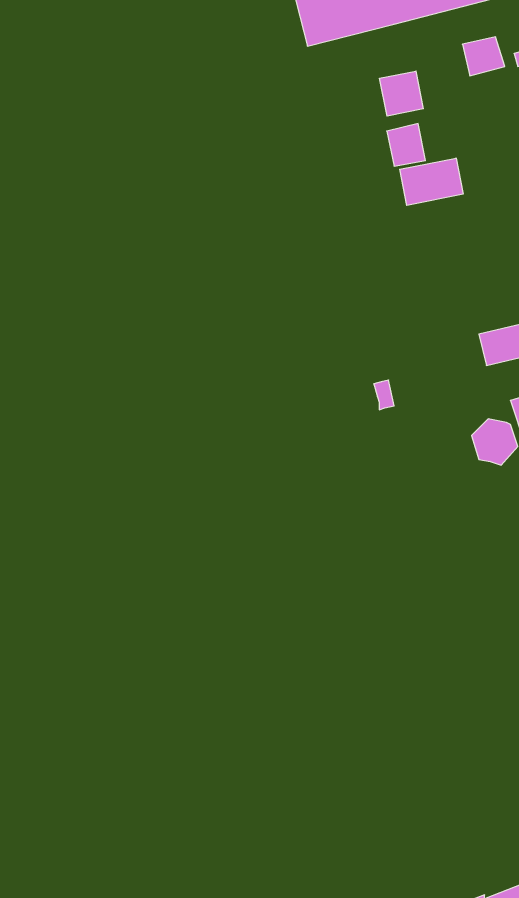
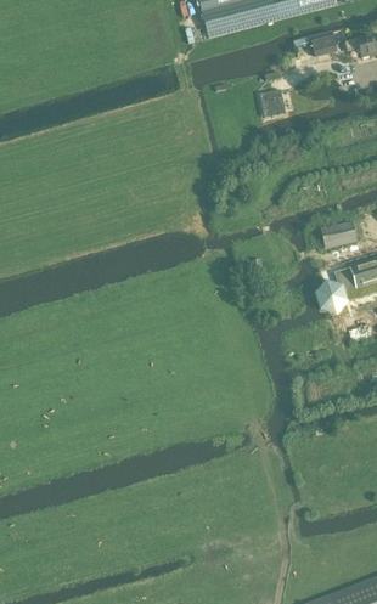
building: [380,71,423,116] -> none
building: [400,158,463,205] -> none

